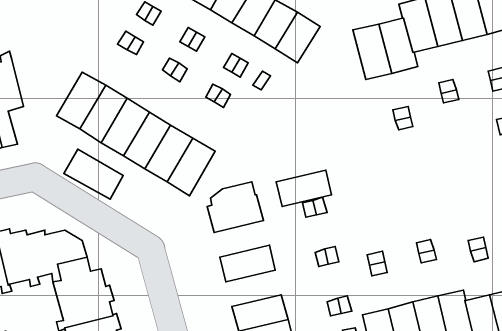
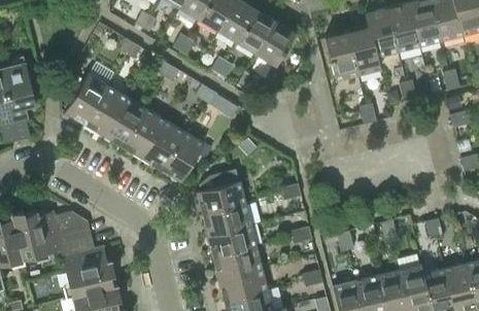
building: [64,149,123,199] -> none
building: [276,170,332,207] -> [203,204,251,236]
building: none -> [213,247,262,279]

